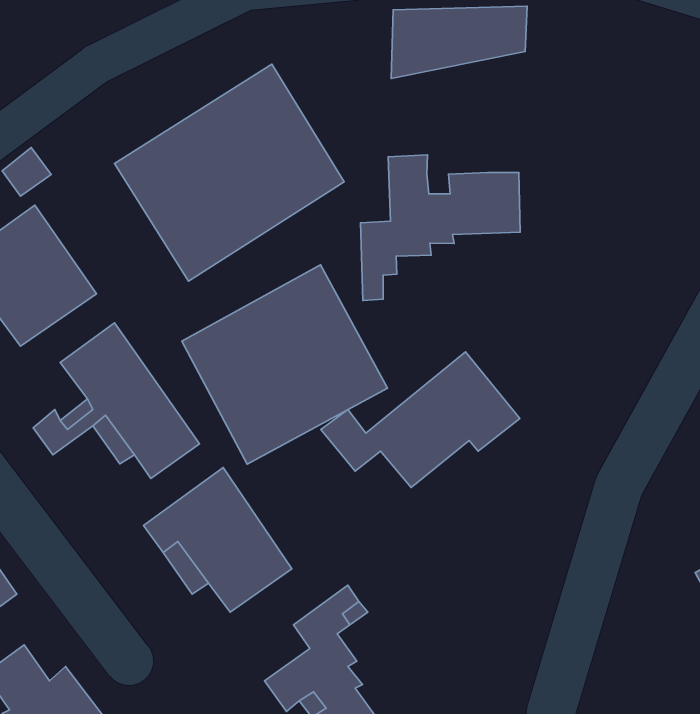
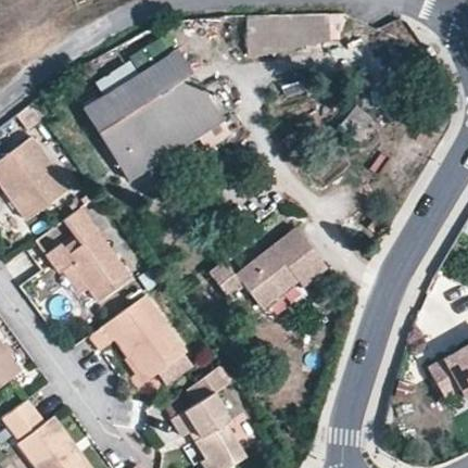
building: [361,155,520,301] -> none
building: [182,265,387,464] -> none

